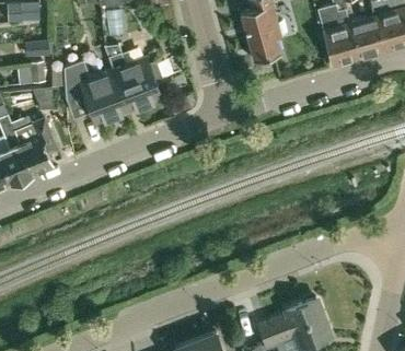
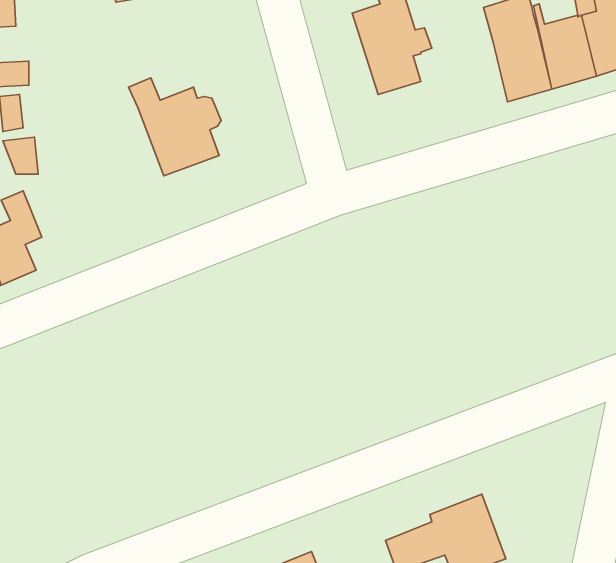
building: [63,61,128,124] -> none

